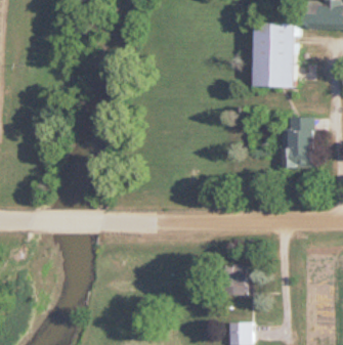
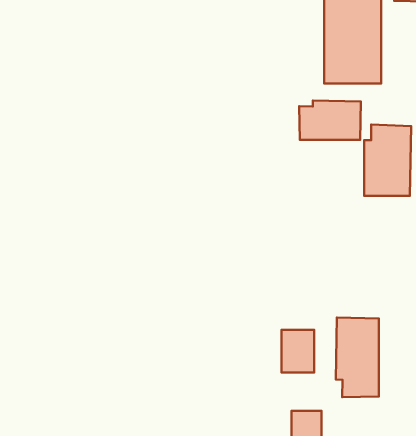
building: none -> [299,101,361,140]
building: none -> [336,317,379,397]

